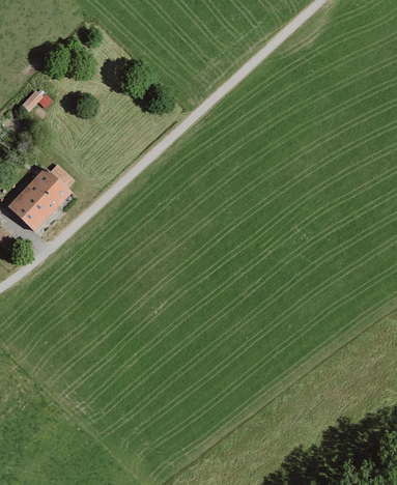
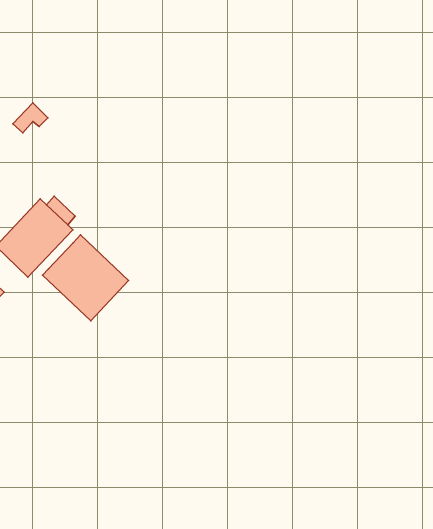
building: none -> [43,235,128,321]

